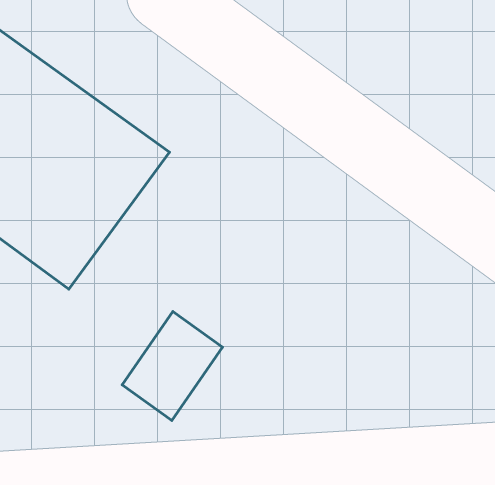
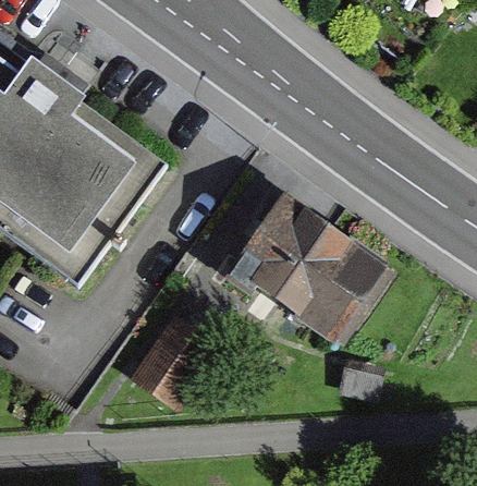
building: none -> [223,182,388,337]

